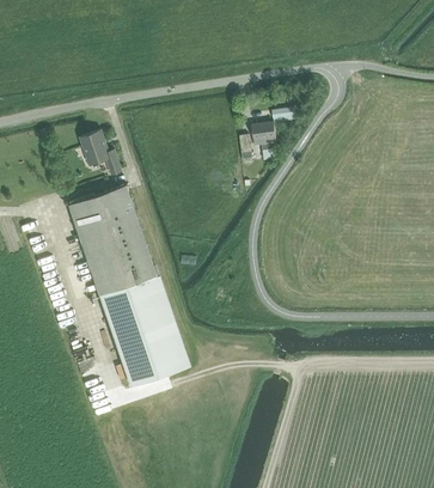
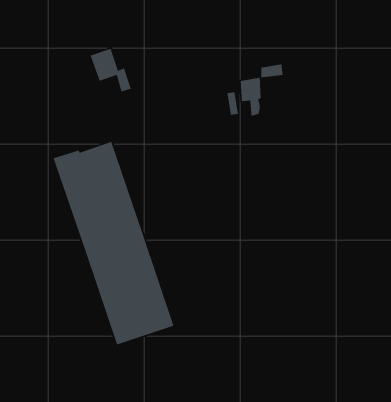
building: [79,129,121,173] -> [89,48,132,93]

